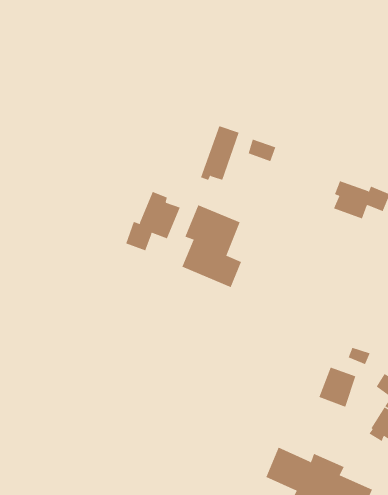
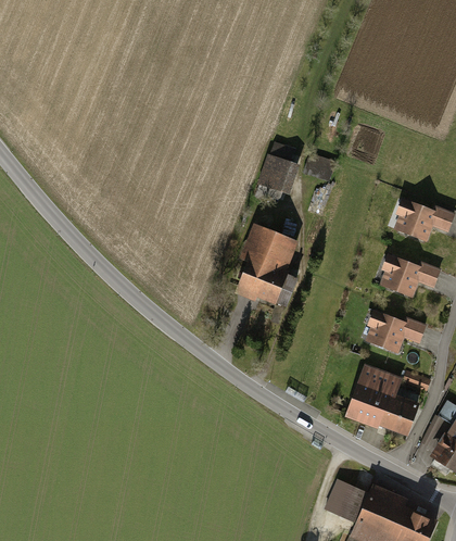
building: [125,191,180,251] -> none
building: none -> [378,255,438,297]
building: none -> [364,310,425,351]
building: none -> [345,365,397,425]

